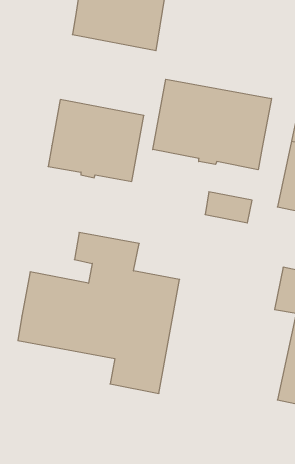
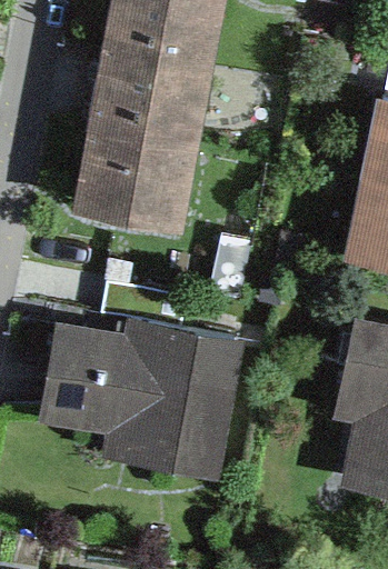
building: none -> [93,56,207,151]
building: [153,79,271,170] -> none

